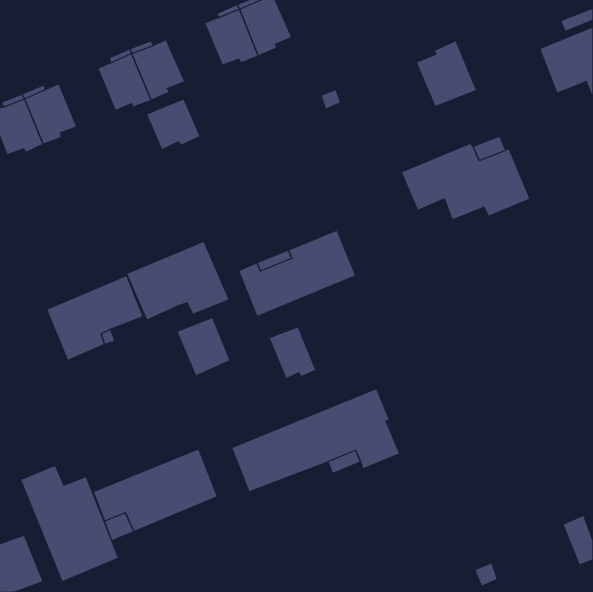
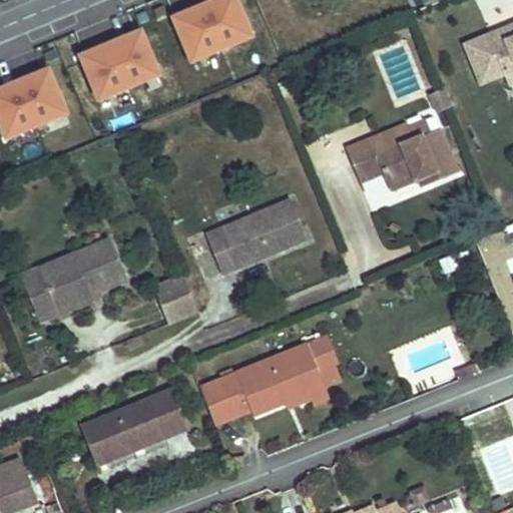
building: [416,41,477,107] -> none
building: [146,99,200,150] -> none
building: [127,241,229,320] -> none
building: none -> [20,267,58,319]
building: [269,327,316,379] -> none
building: [21,465,118,582] -> none

